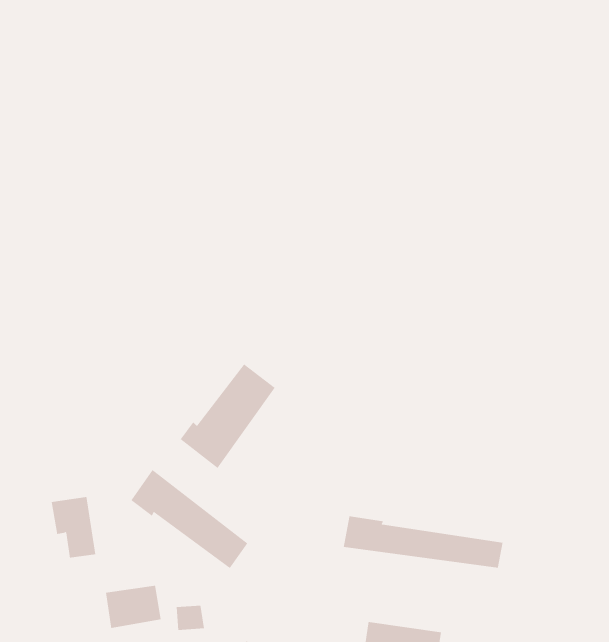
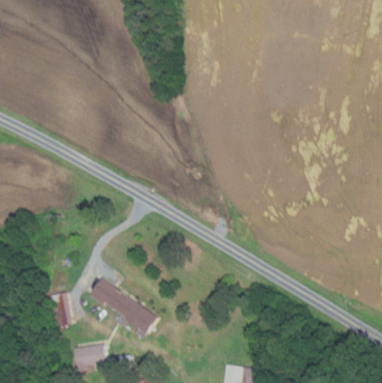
building: [180,363,276,469] -> none
building: [343,516,503,569] -> none

